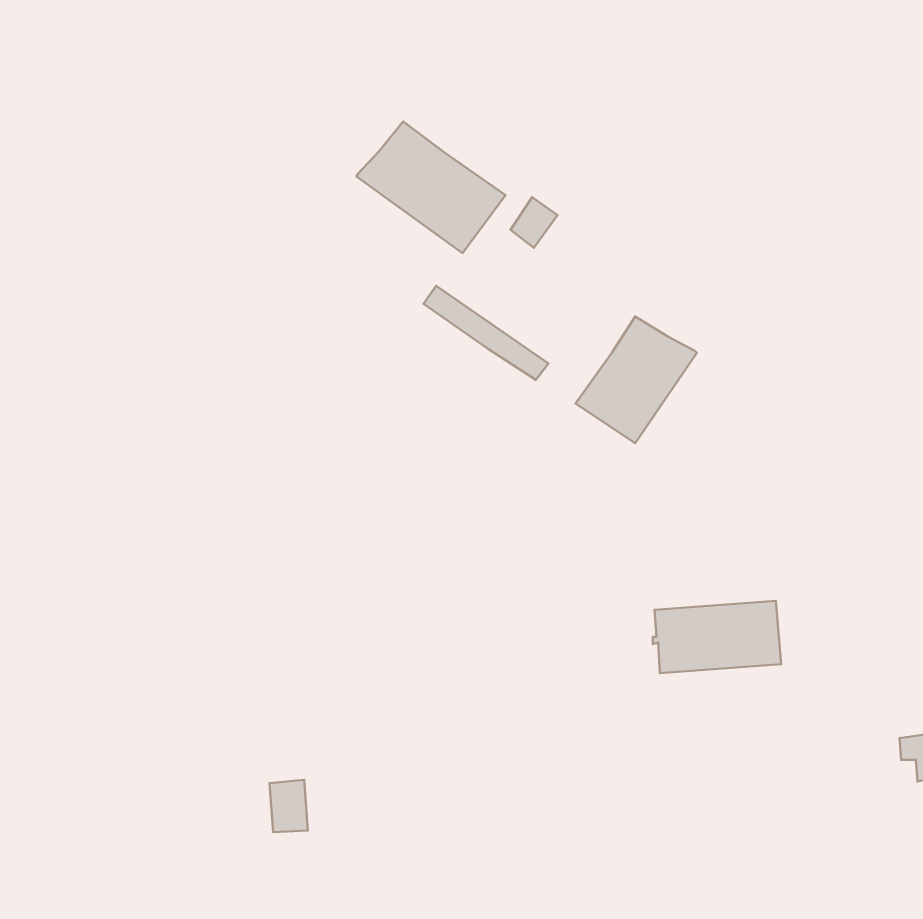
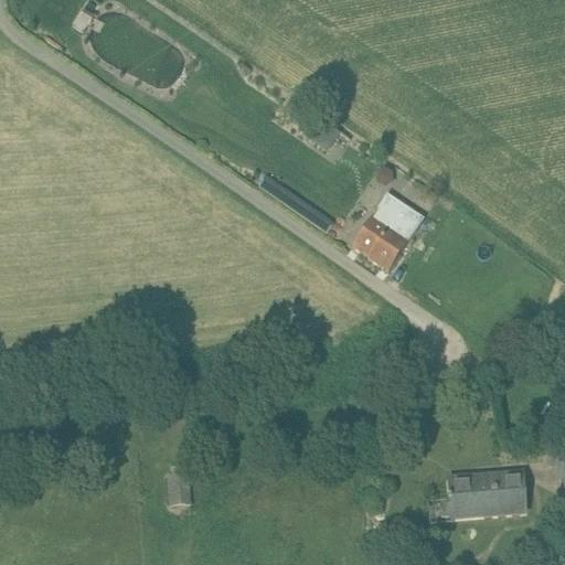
building: [356,122,506,253] -> none
building: [653,601,781,673] -> [448,472,526,516]

